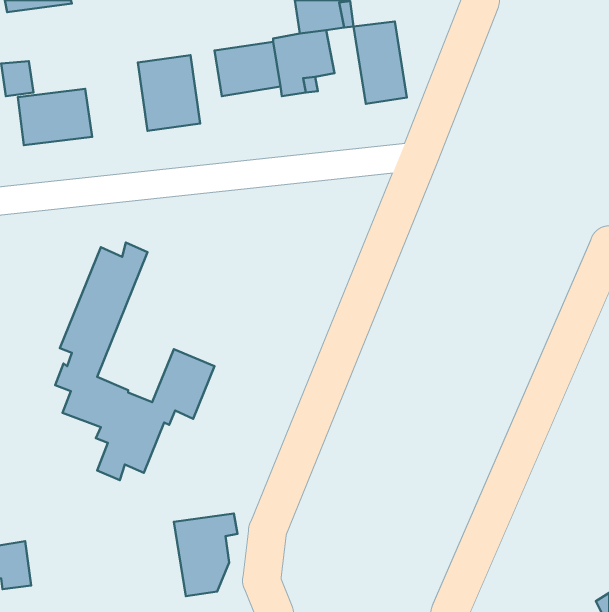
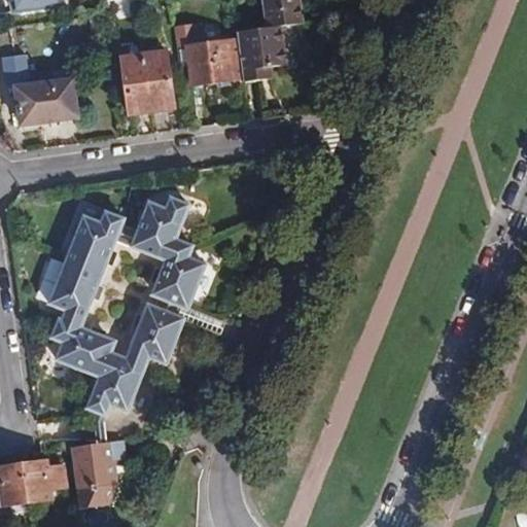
building: [354,21,407,104] -> none
building: none -> [132,196,204,305]
building: [174,513,237,596] -> [67,441,121,512]
building: none -> [22,462,64,503]

